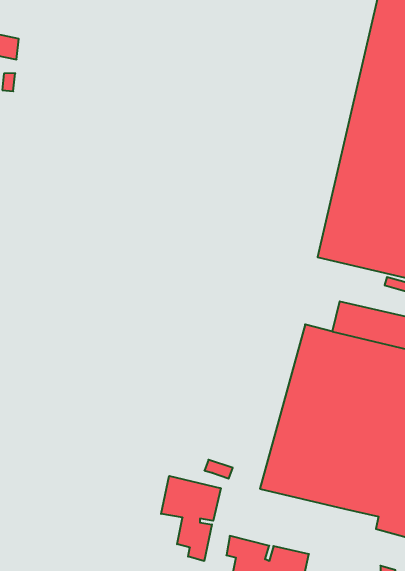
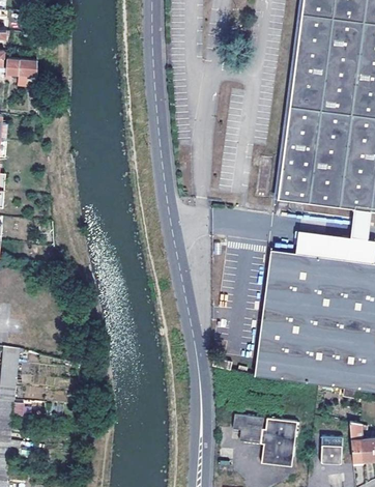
building: [161,476,221,561] -> none

